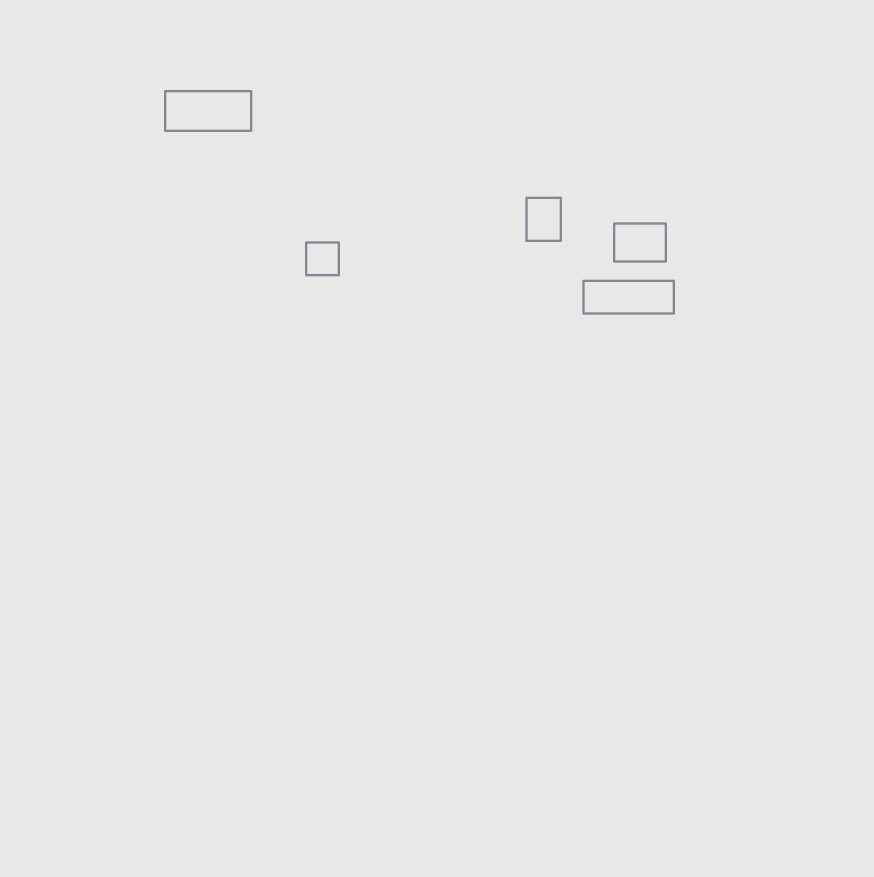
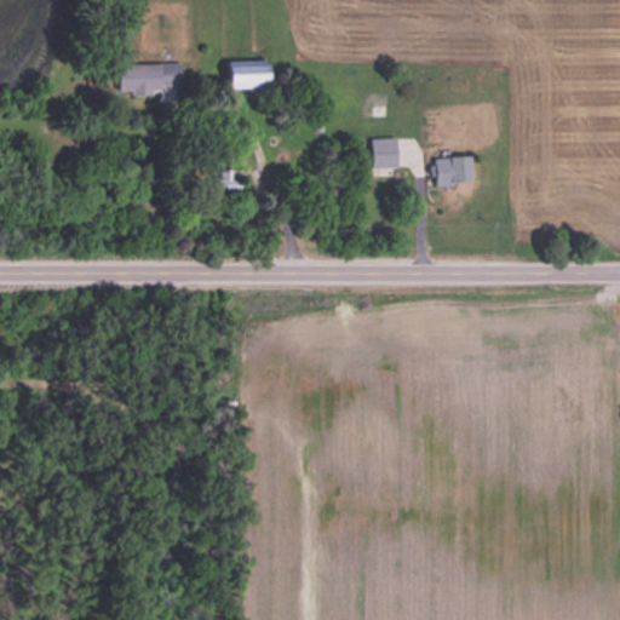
building: none -> [230,62,270,88]
building: [583,281,674,314] -> none

